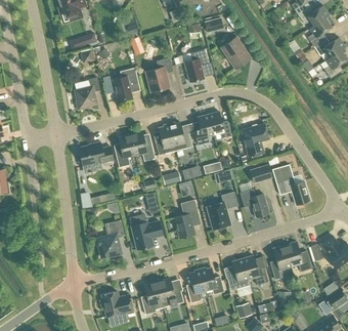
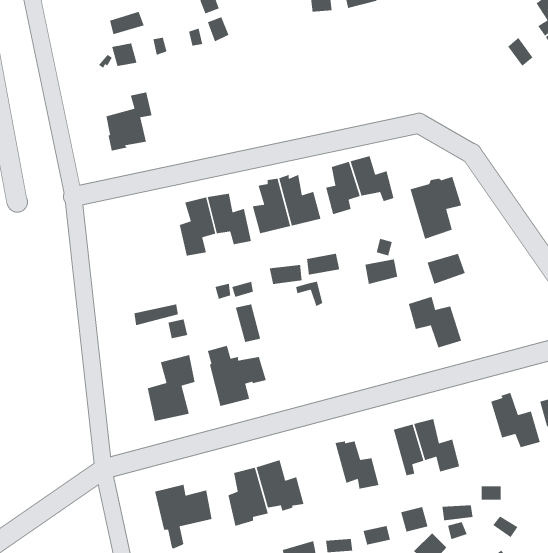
building: [220,37,251,69] -> none
building: [184,49,208,82] -> none
building: [145,57,173,92] -> none
building: [113,68,138,100] -> none
building: [79,141,114,164] -> none
building: [272,164,310,205] -> none
building: [207,192,237,230] -> none
building: [174,200,200,239] -> none
building: [270,246,291,280] -> none
building: [186,268,206,303] -> none

